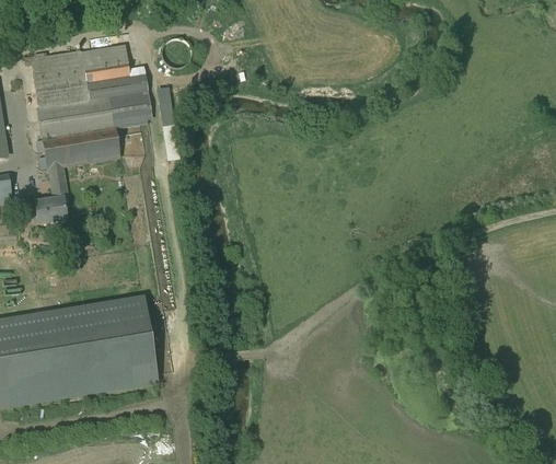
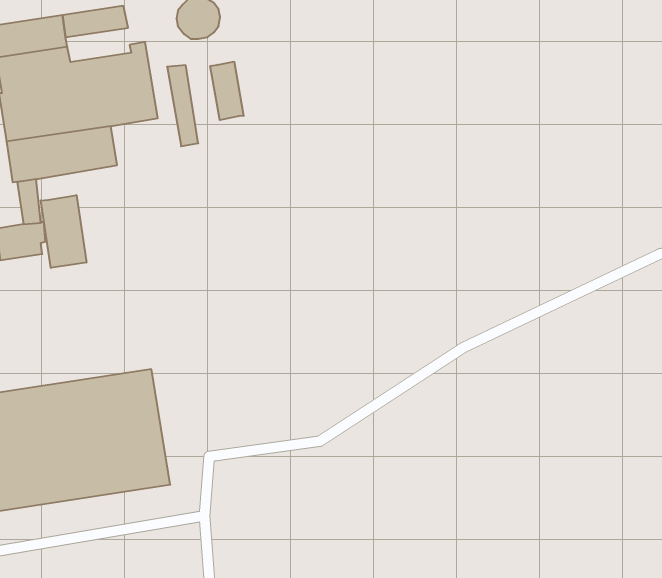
building: [83,59,129,83] -> none
building: none -> [210,62,244,120]
building: none -> [41,195,86,268]

